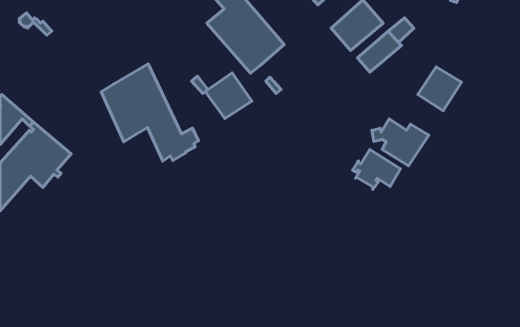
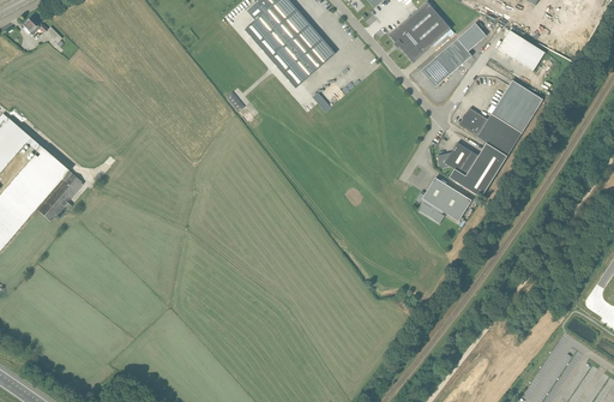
building: none -> [499,30,546,71]
building: [101,64,199,161] -> none
building: [205,73,252,119] -> none
building: none -> [459,107,522,161]

